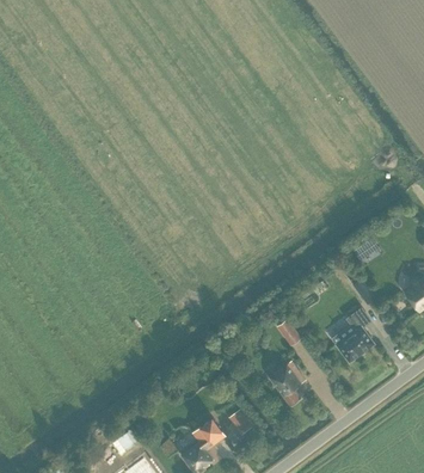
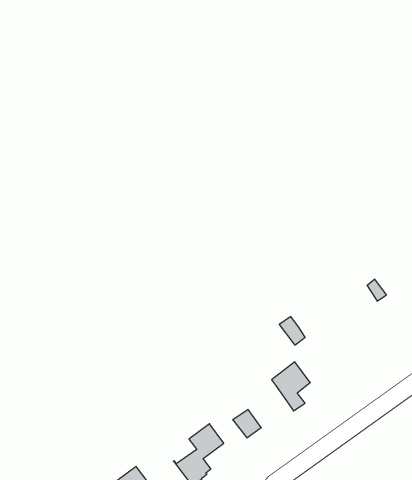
building: [336,307,374,362] -> none

